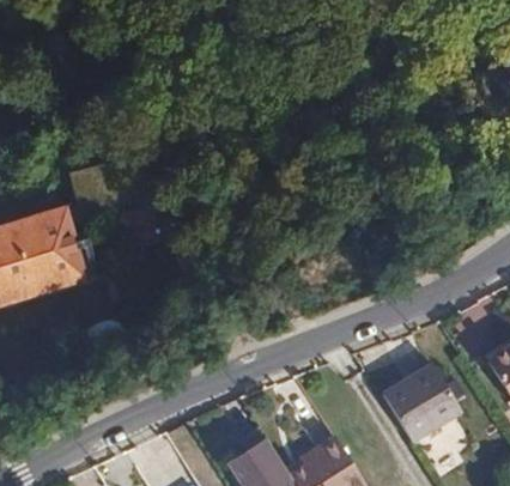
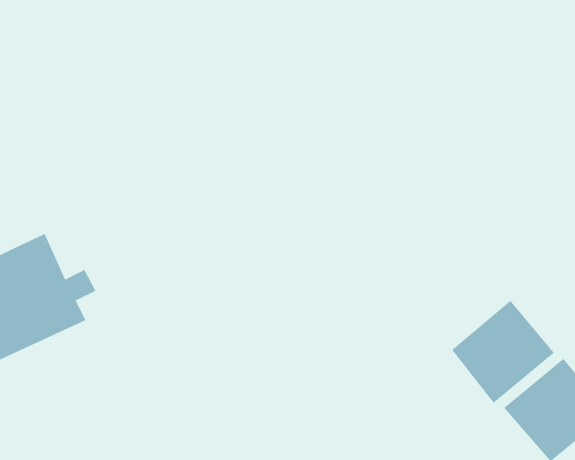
building: none -> [451,300,555,404]

